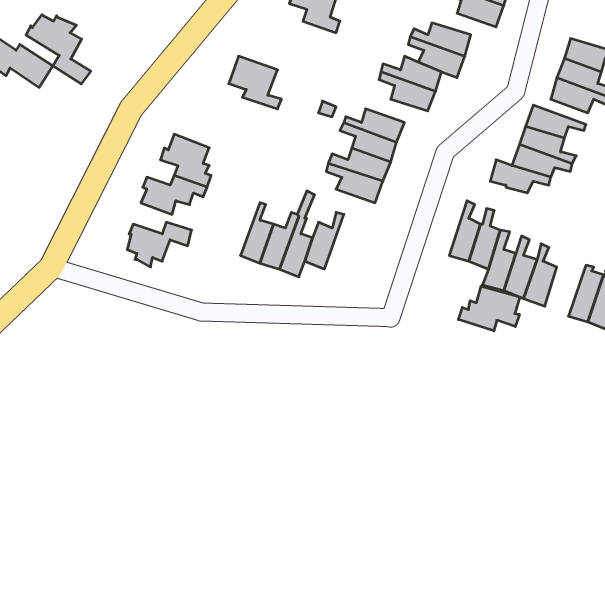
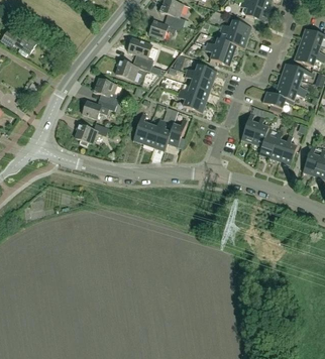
building: [26,15,91,84] -> none
building: none -> [148,19,183,39]
building: none -> [115,58,152,80]
building: [458,286,520,331] -> none

